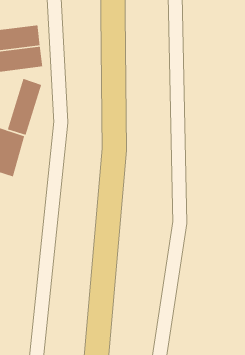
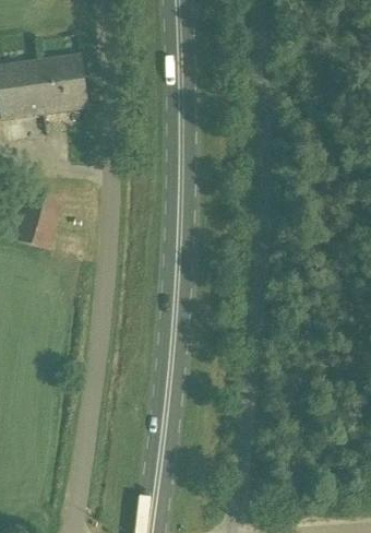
building: [7,78,42,136] -> none

